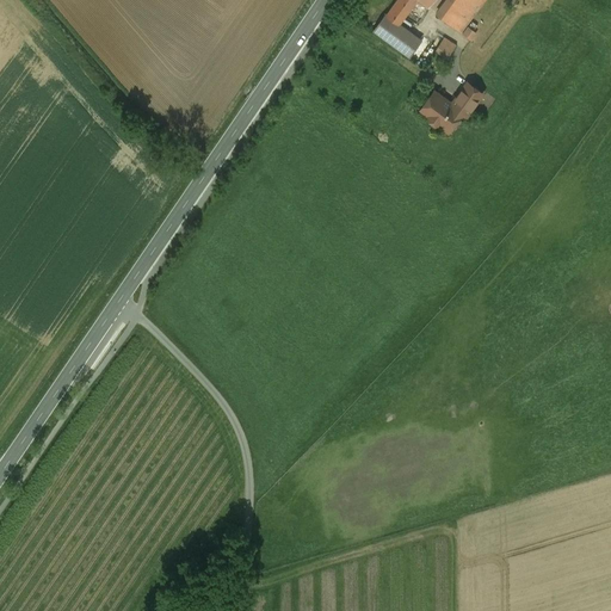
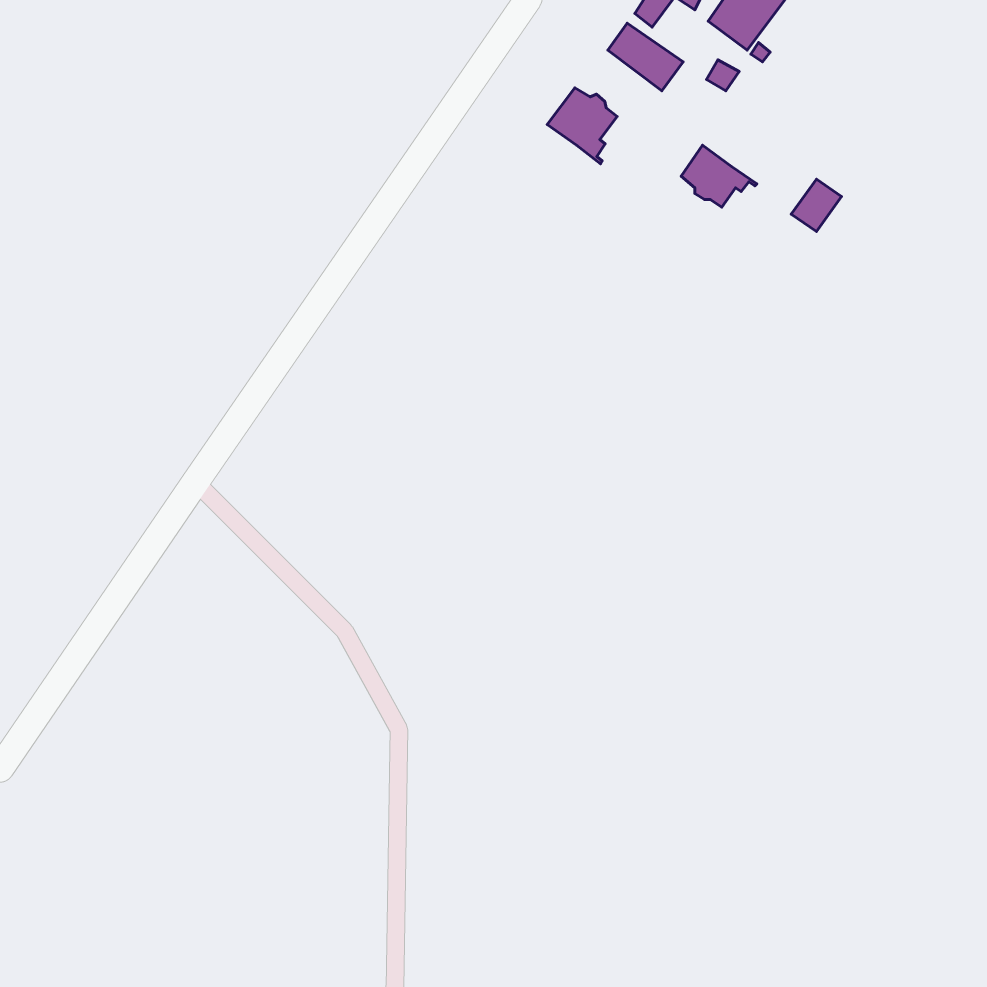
building: none -> [547,88,617,164]
building: [452,81,483,113] -> [791,179,842,231]

